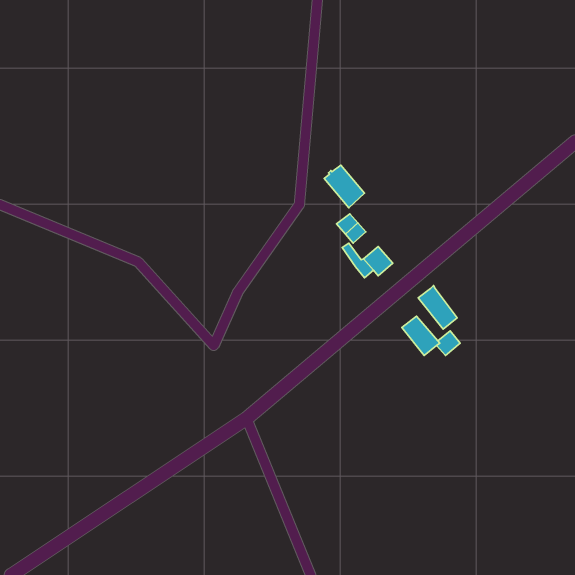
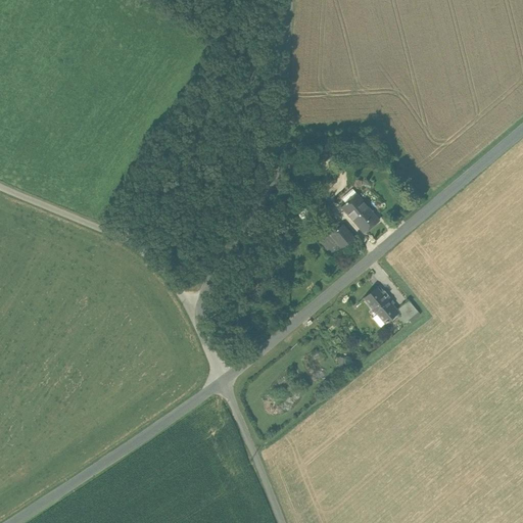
building: [324,165,365,208] -> [342,194,379,233]
building: [418,286,457,329] -> none

